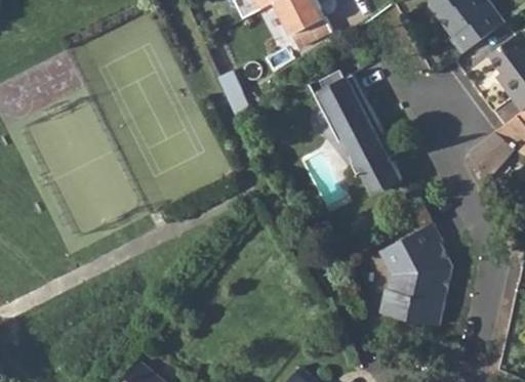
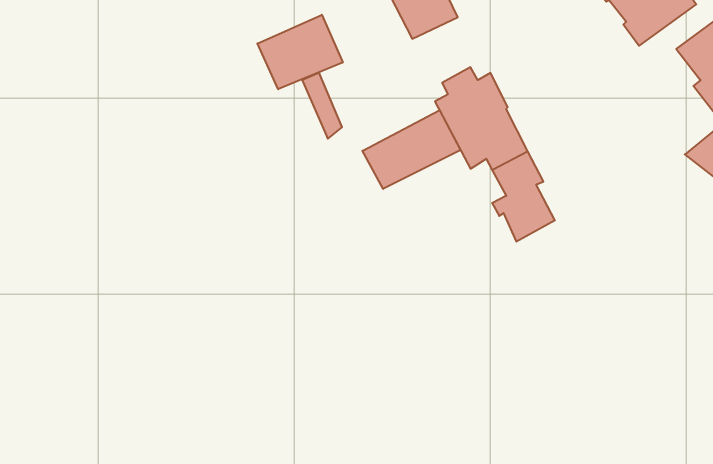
building: none -> [257,15,343,89]
building: none -> [362,110,460,189]
building: [380,223,452,327] -> none

